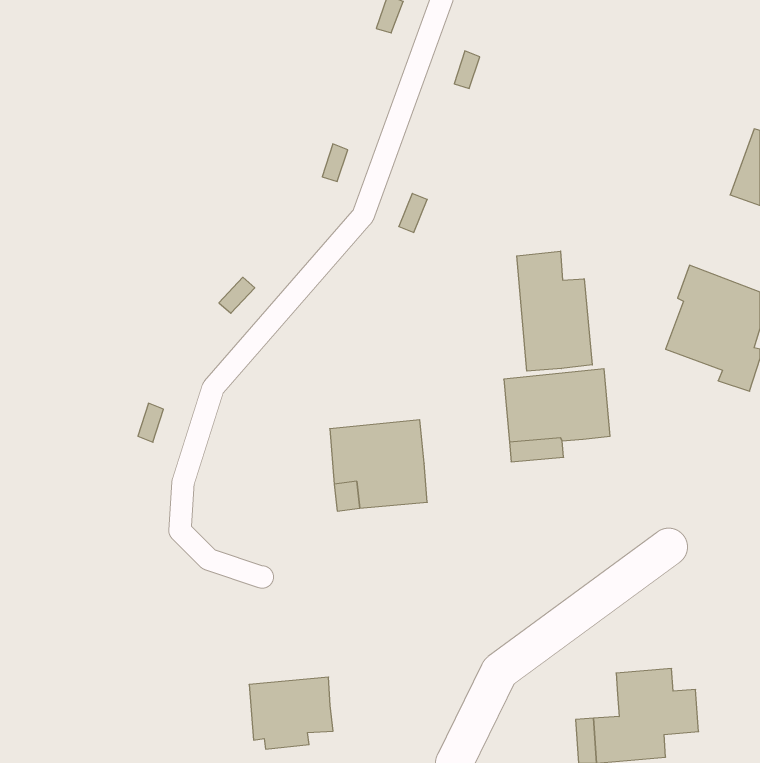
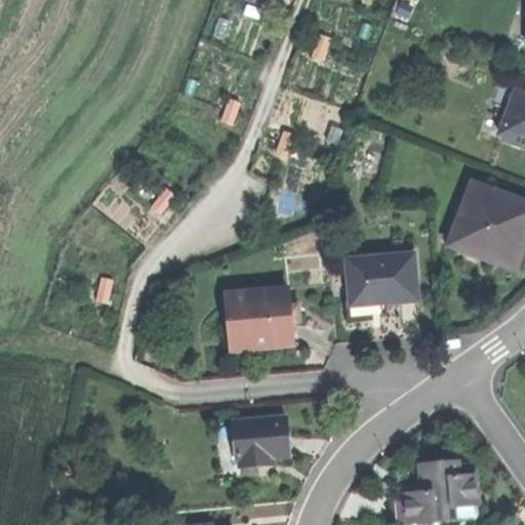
building: [517,251,592,371] -> none
building: [249,677,333,749] -> [232,415,289,465]

